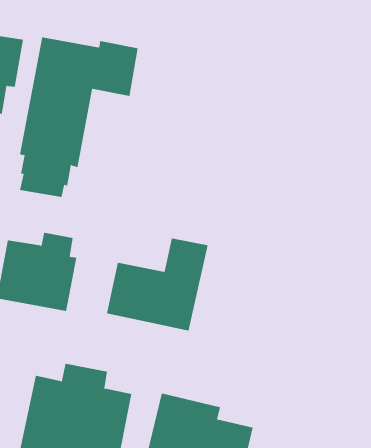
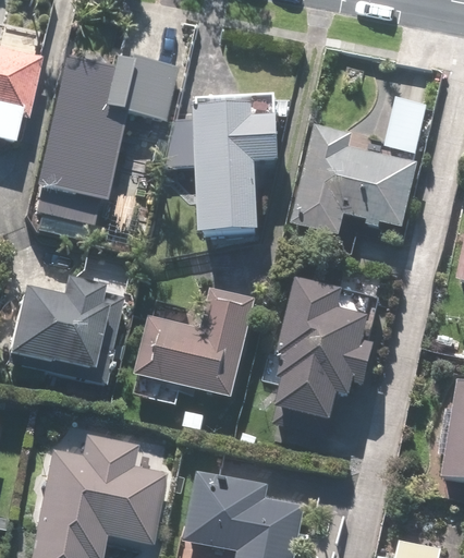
building: none -> [171,94,278,236]
building: none -> [388,97,429,150]
building: none -> [294,123,417,234]
building: none -> [278,280,374,417]

